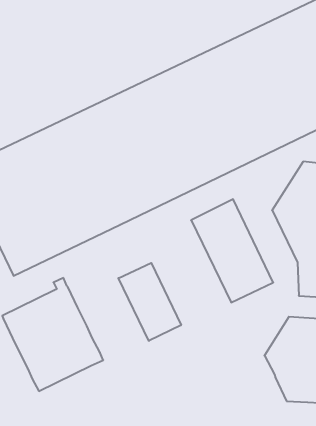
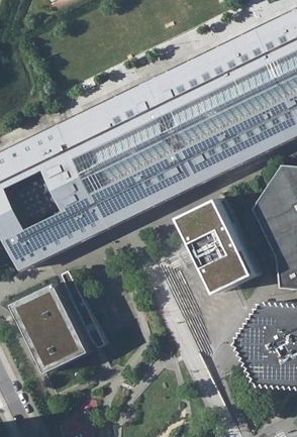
building: [118,263,181,341] -> none

